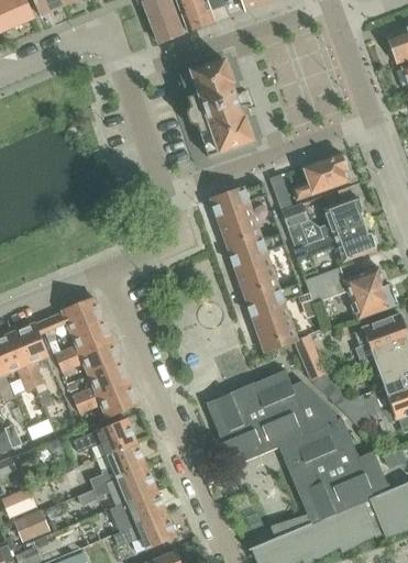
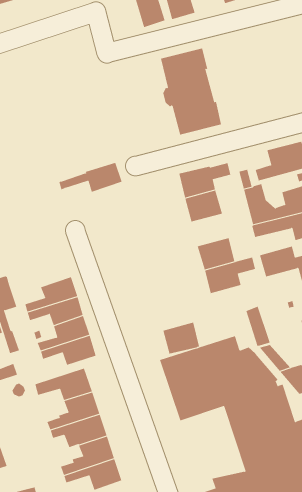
building: [228,233,285,276] -> none
building: [34,299,103,334] -> [58,162,122,193]
building: [255,314,297,352] -> [163,322,200,354]

